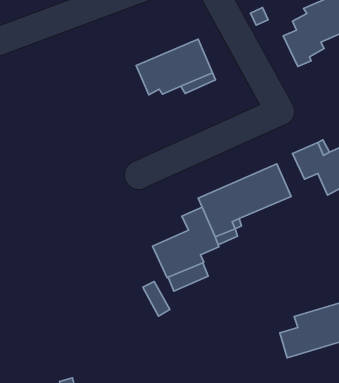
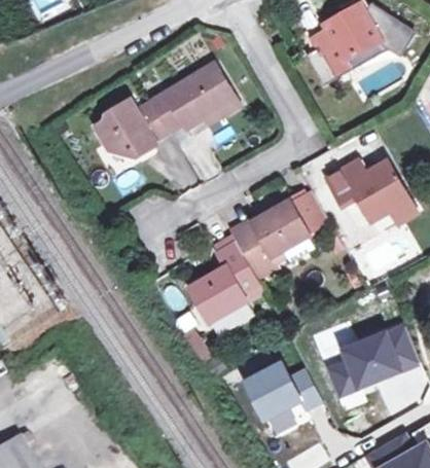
building: none -> [93,100,169,156]
building: none -> [246,361,323,419]

